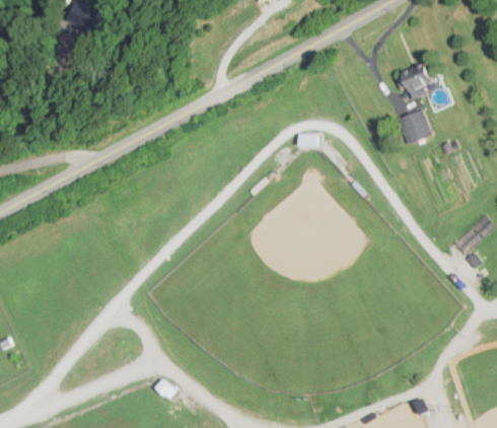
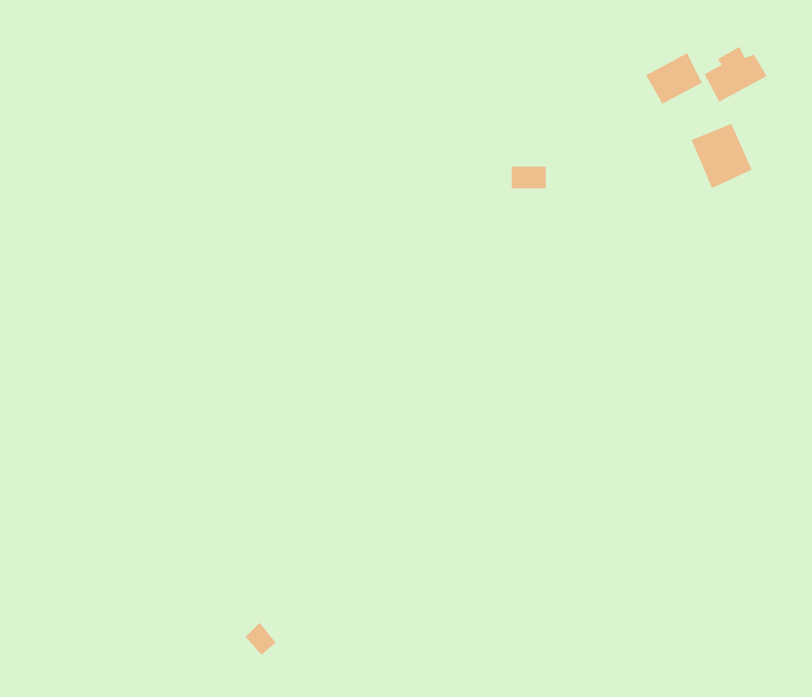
building: none -> [646,53,703,105]

